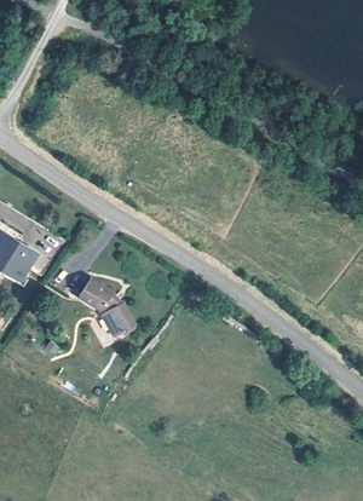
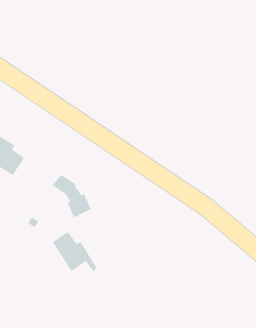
building: none -> [52,231,97,272]

